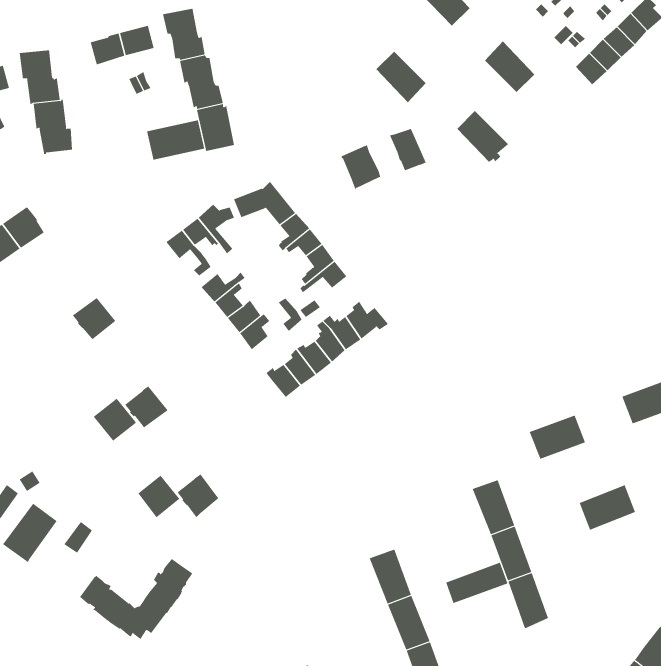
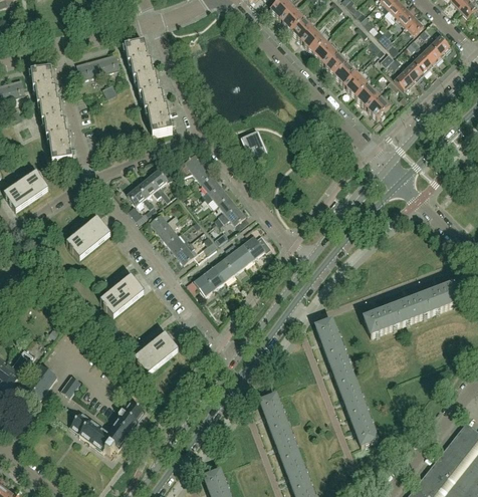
building: [376,51,426,103] -> [313,41,346,75]
building: [456,110,509,163] -> [355,84,390,118]
building: [147,119,205,161] -> none
building: [389,128,427,172] -> none
building: none -> [49,133,72,162]
building: none -> [81,217,110,245]
building: [93,397,138,442] -> [115,274,145,303]
building: none -> [315,318,343,354]
building: [138,475,181,518] -> [150,332,178,360]
building: [579,484,636,531] -> [394,294,431,324]
building: [445,562,508,604] -> none

